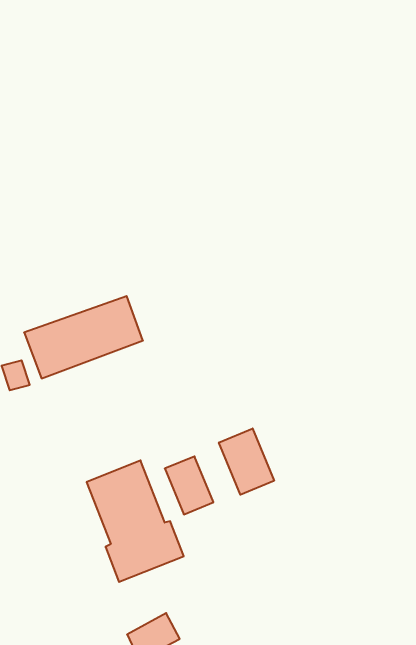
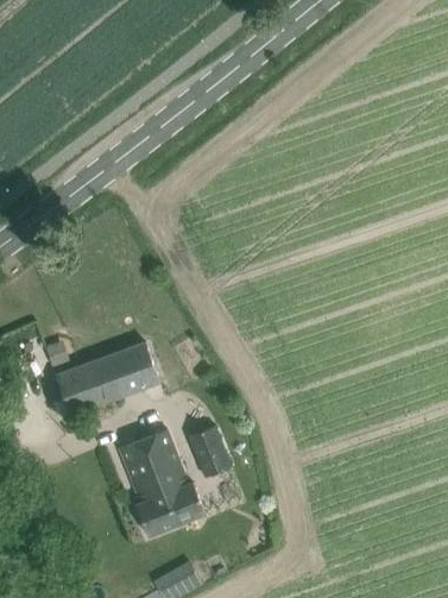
building: [24,296,143,378] -> [55,342,159,415]
building: [219,428,274,495] -> none

